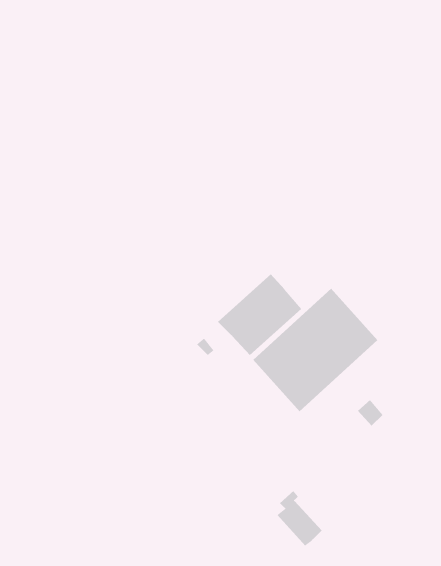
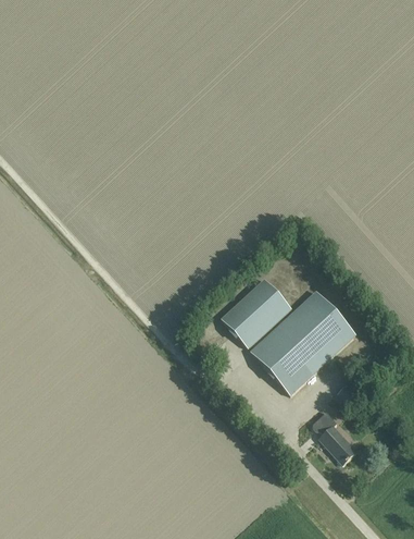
building: [277,490,322,546] -> [318,417,356,464]

